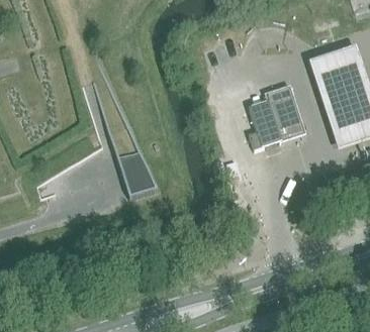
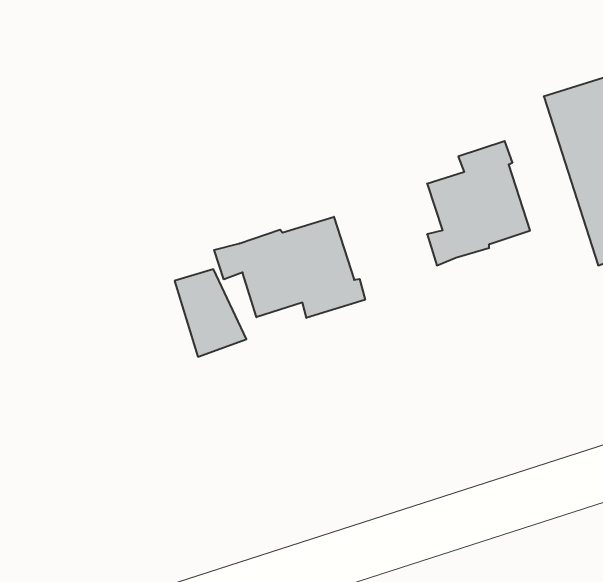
building: none -> [214,217,365,318]

